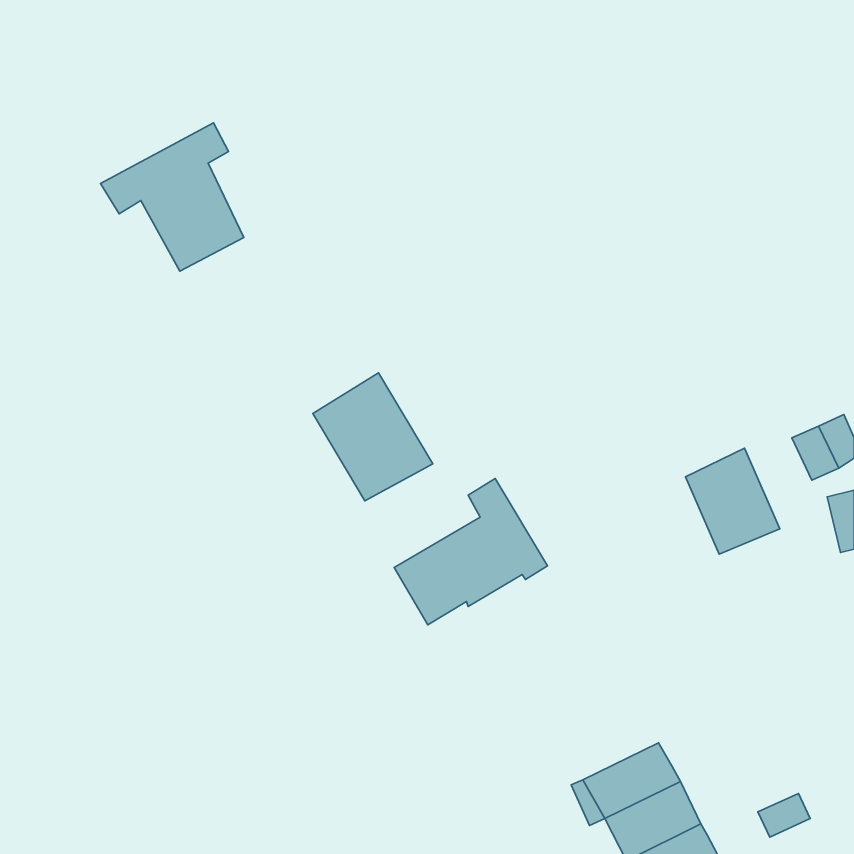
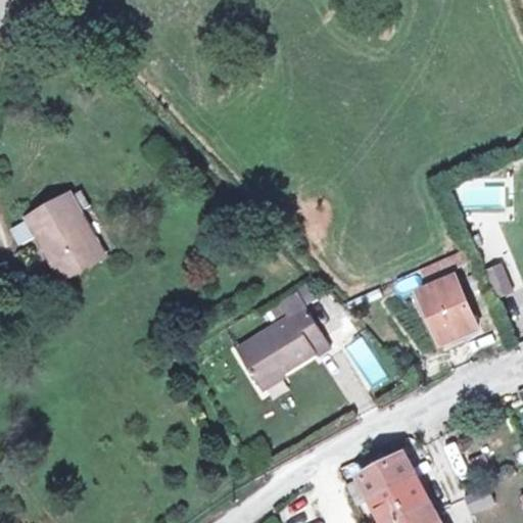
building: [101,123,244,271] -> [16,183,103,273]
building: [313,373,433,501] -> none

